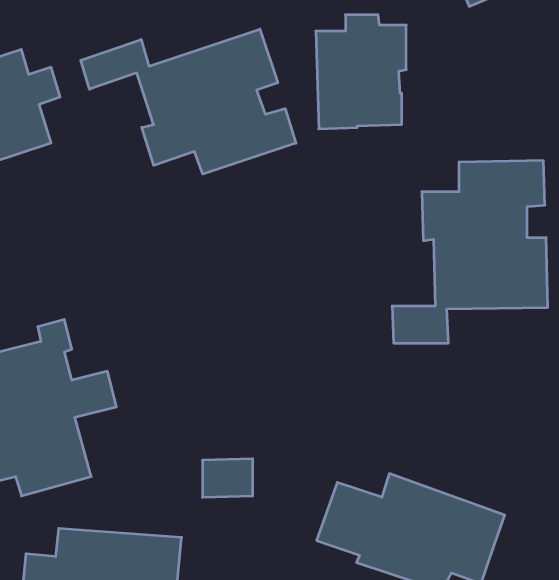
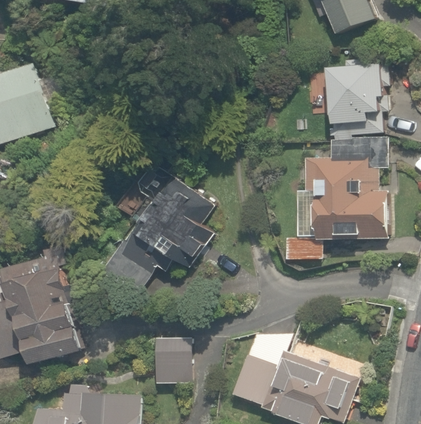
building: [316,15,406,129] -> [322,60,383,137]
building: [81,29,296,174] -> none
building: none -> [104,162,212,296]

